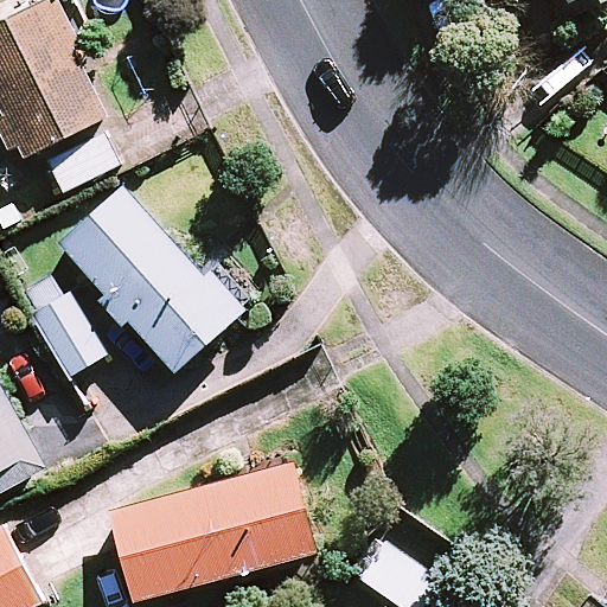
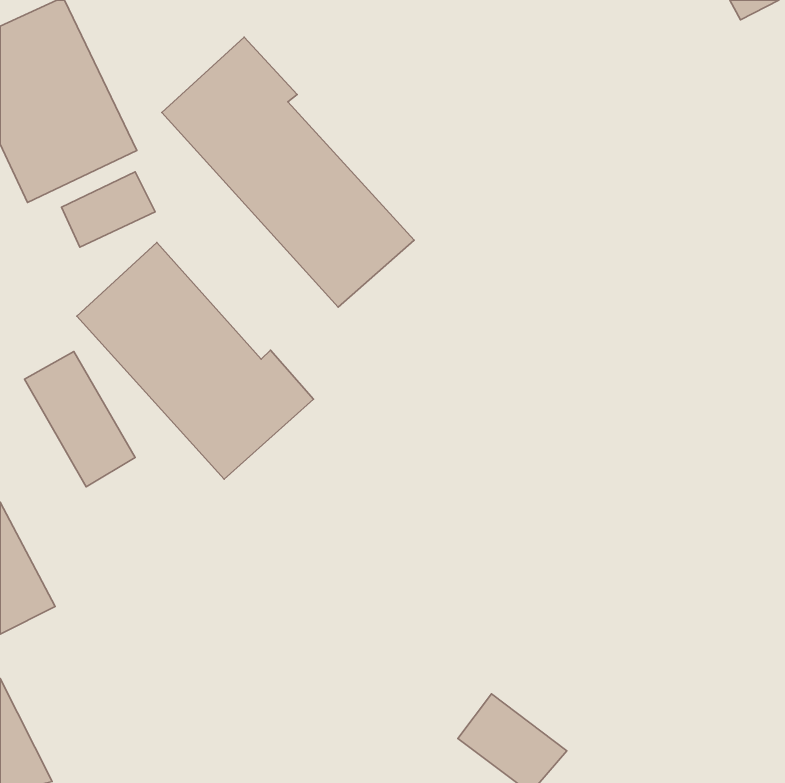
building: none -> [162,37,414,307]
building: [108,464,314,601] -> none

